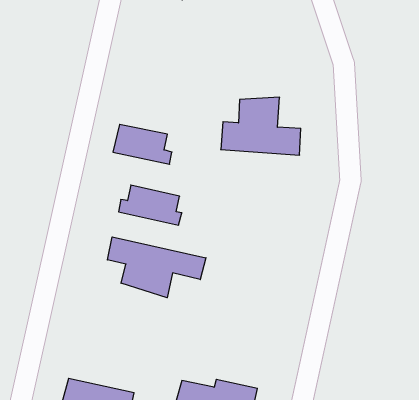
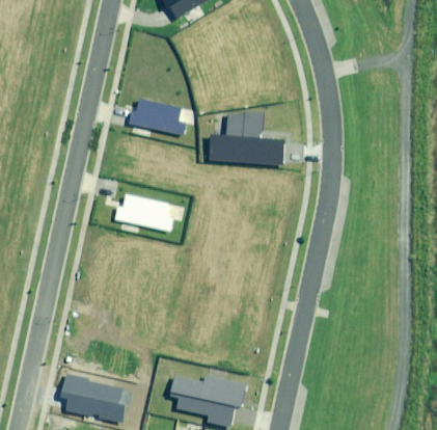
building: [113,124,172,164] -> [129,98,184,135]
building: [107,237,206,298] -> none

